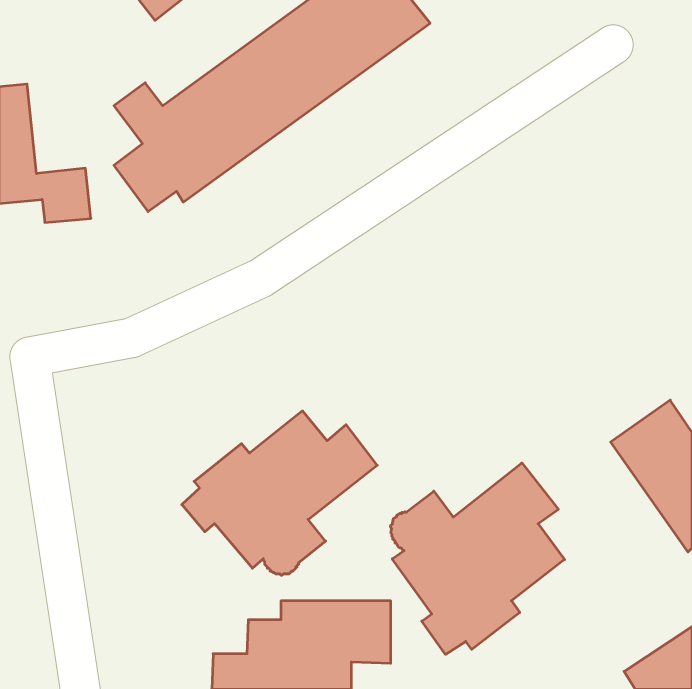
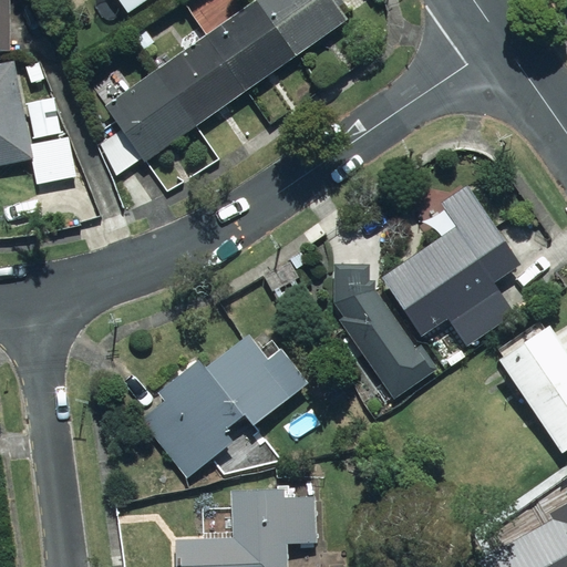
building: none -> [331,182,524,398]
building: [390,463,565,654] -> none

